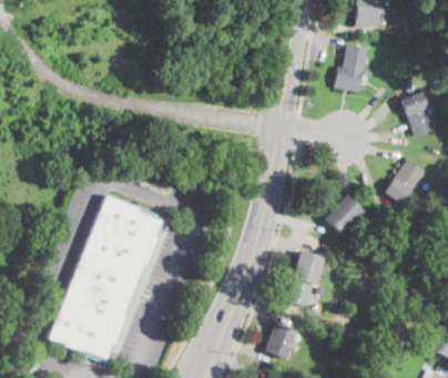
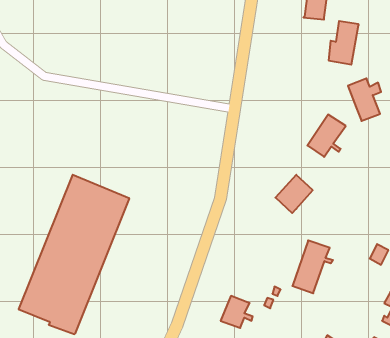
building: [336,44,368,91] -> [329,21,359,65]
building: [385,159,426,204] -> [307,115,346,157]
building: [284,251,327,307] -> [292,240,333,293]

